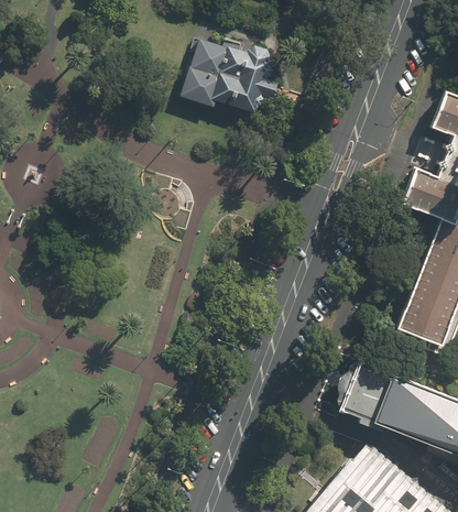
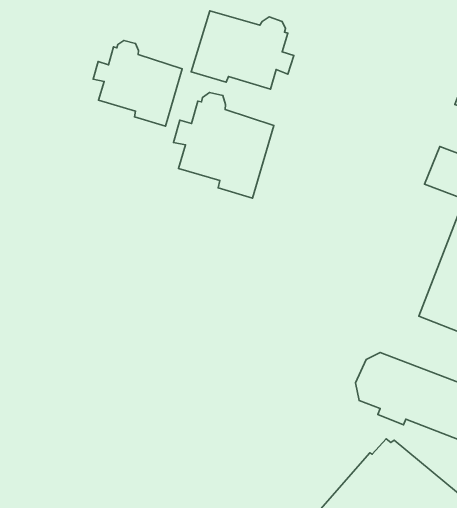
building: none -> [93,41,182,126]
building: none -> [173,93,274,198]

